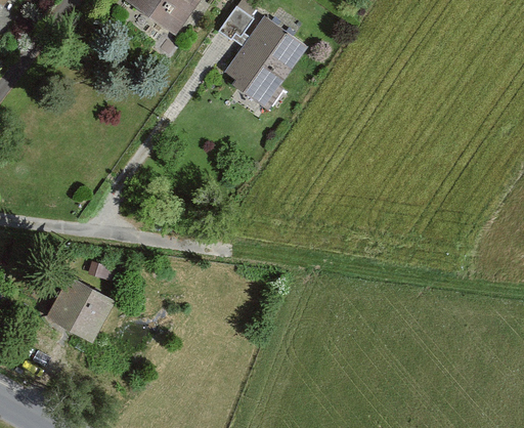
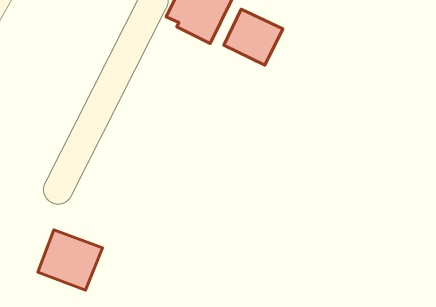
building: none -> [224,9,283,65]

